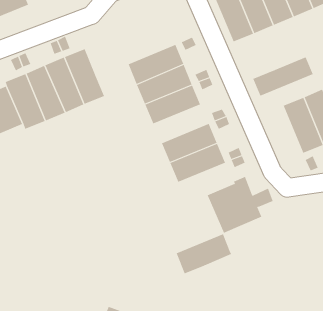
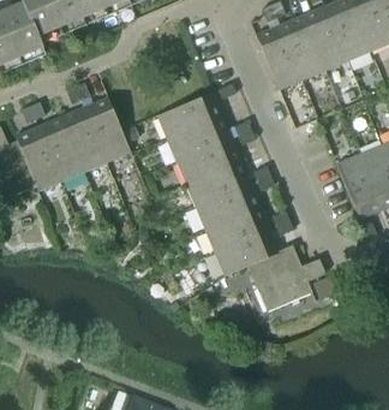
building: [252,57,314,96] -> none
building: none -> [185,162,250,207]
building: [176,233,232,274] -> [214,230,279,277]

